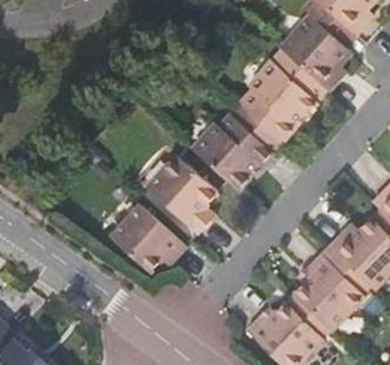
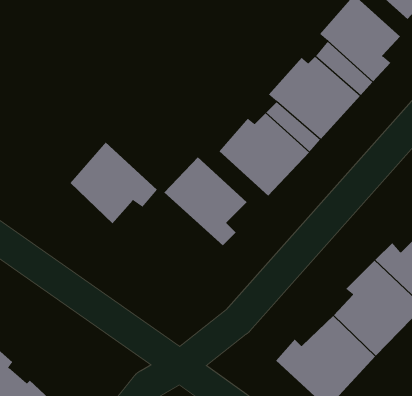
building: [109,206,185,277] -> [70,141,158,224]

